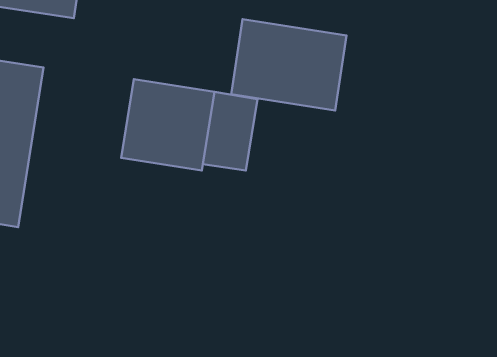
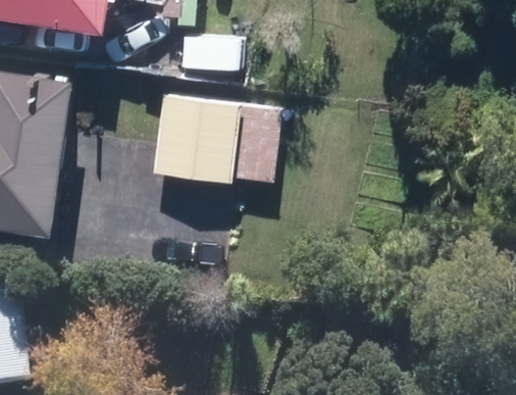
building: [231,19,347,110] -> none

